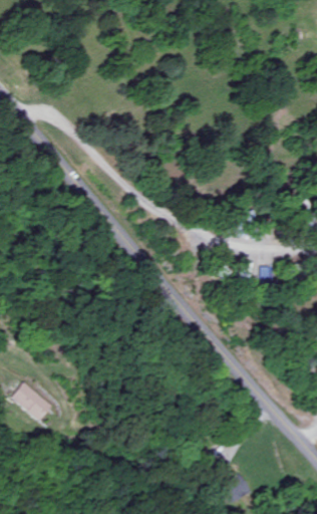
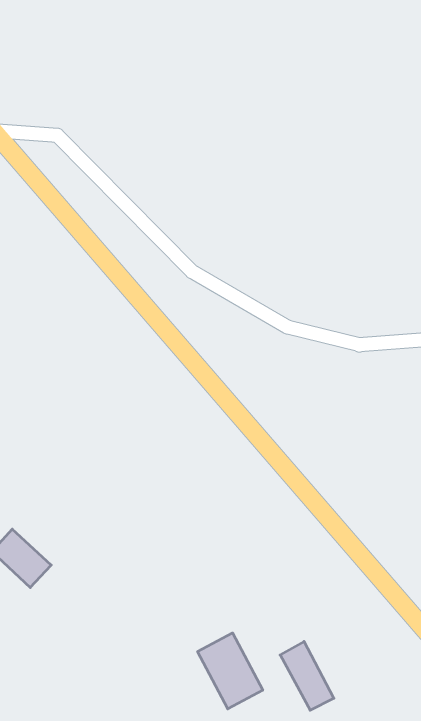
building: none -> [198,633,263,709]

